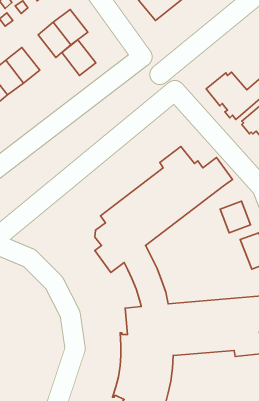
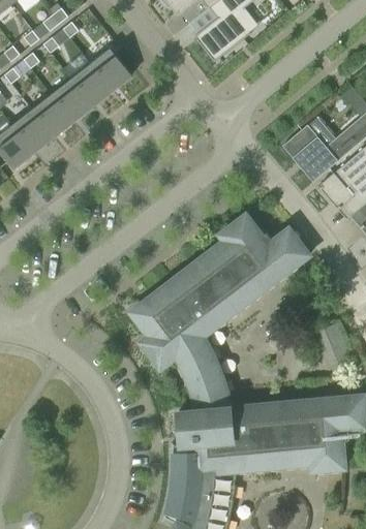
building: [62,40,96,75] -> [51,79,92,122]
building: [220,201,251,233] -> none

